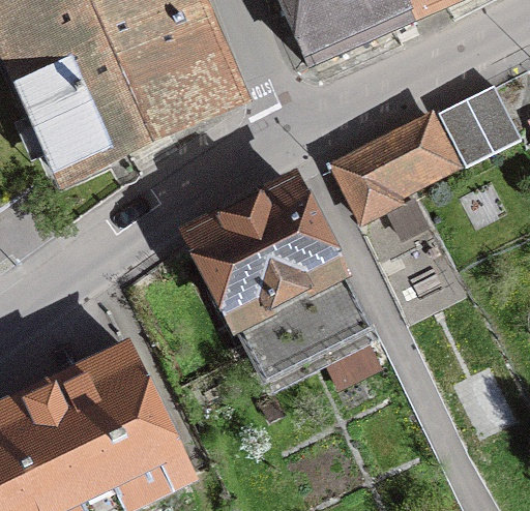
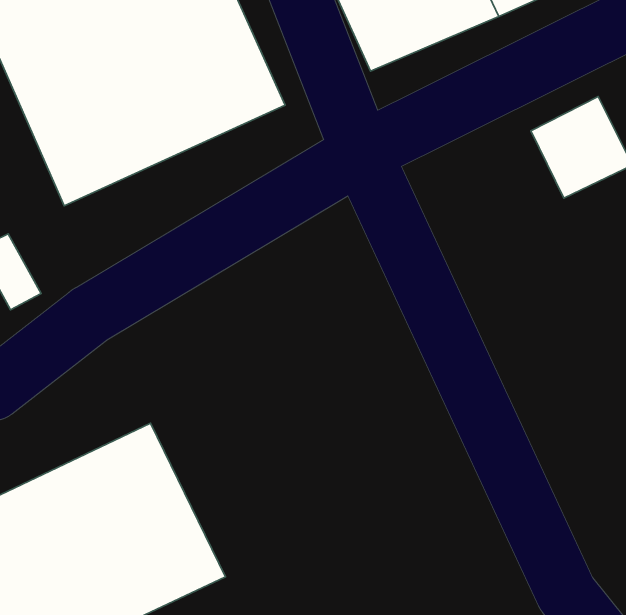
building: [333,115,455,219] -> none
building: [194,183,366,377] -> none

